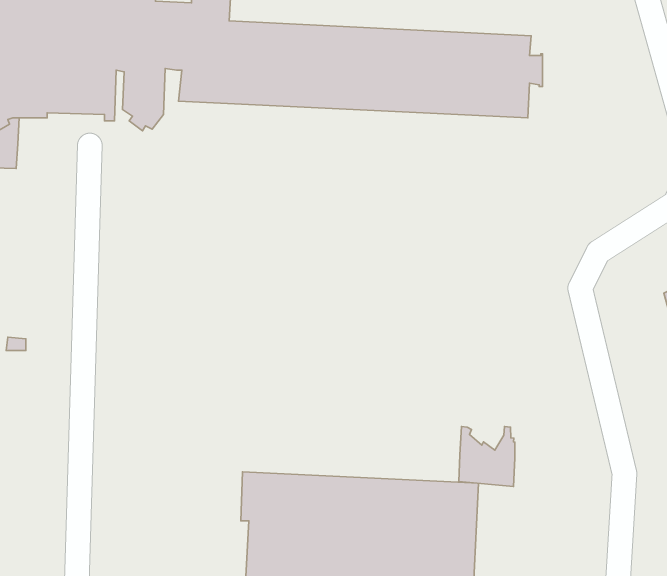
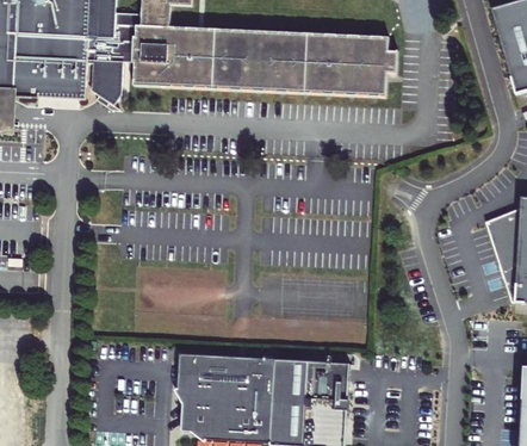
building: [459,426,515,486] -> none

